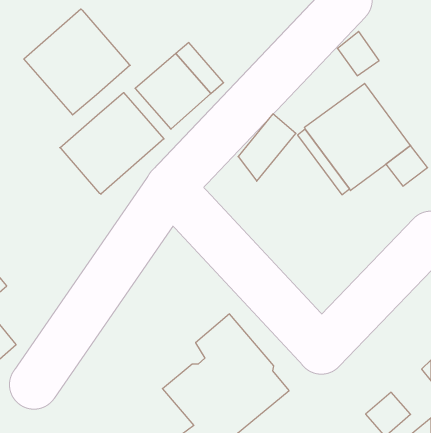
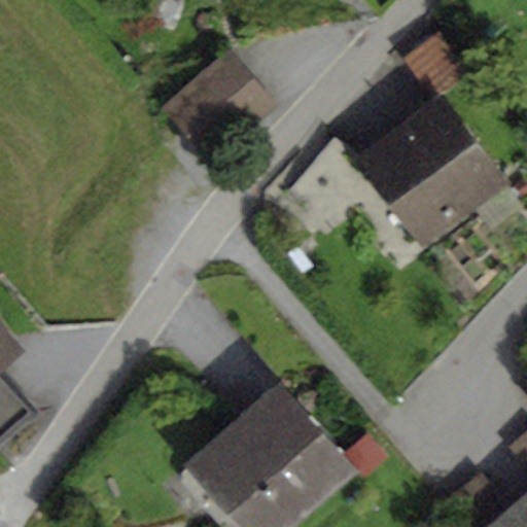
building: [24,9,130,115] -> none
building: [60,93,164,194] -> none

